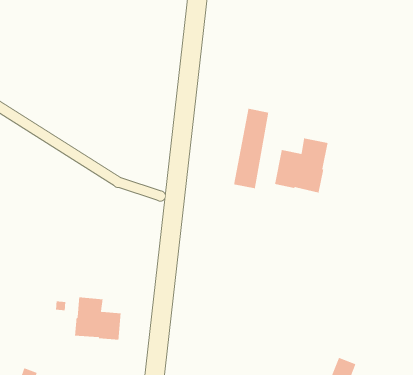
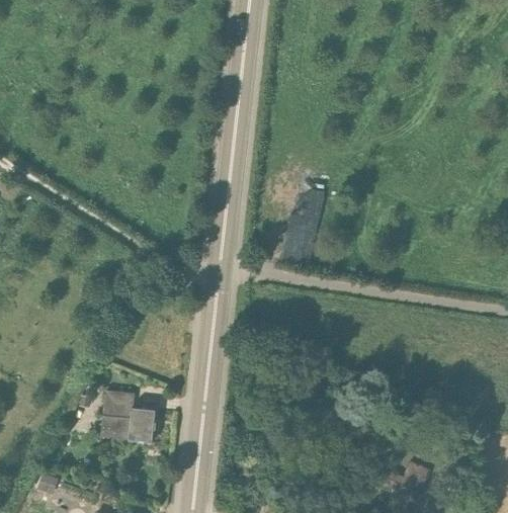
building: [274,138,329,193] -> none

